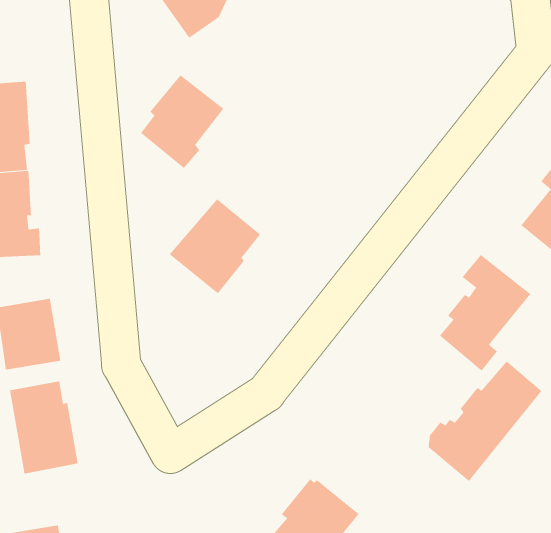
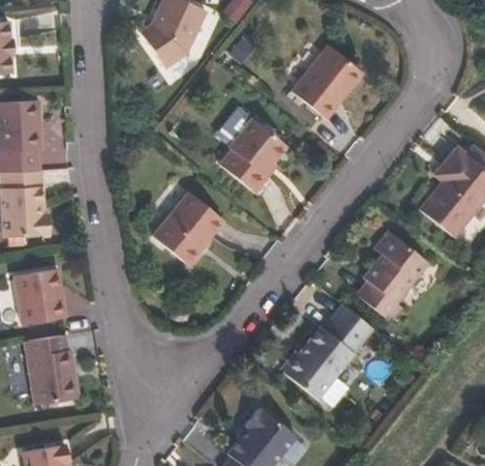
building: none -> [290,43,363,116]
building: [140,74,224,169] -> [219,118,284,192]
building: [428,361,542,482] -> [285,305,374,400]

